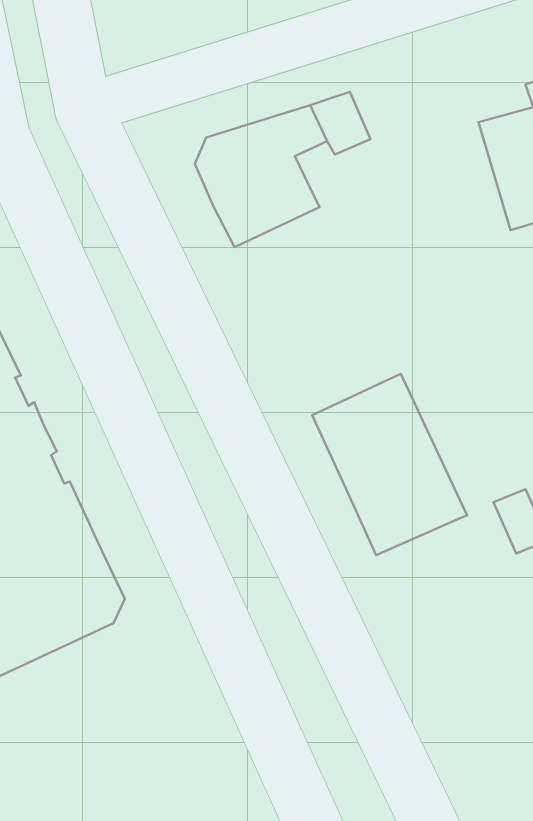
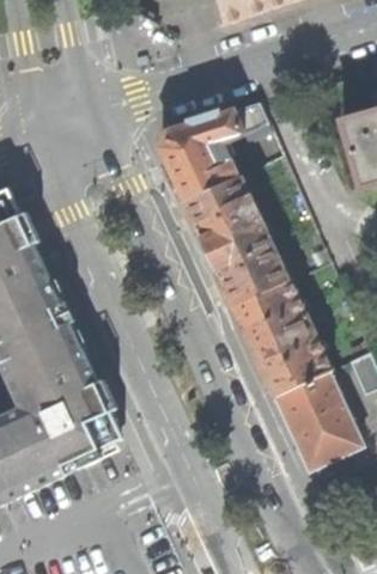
building: none -> [184,176,287,307]
building: none -> [274,372,363,471]

